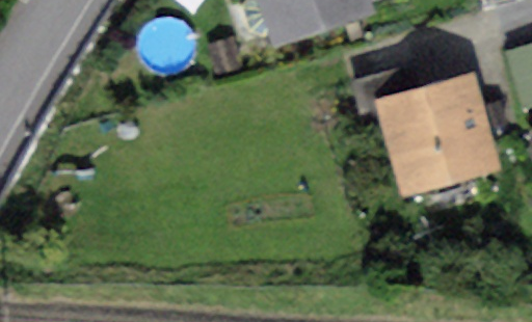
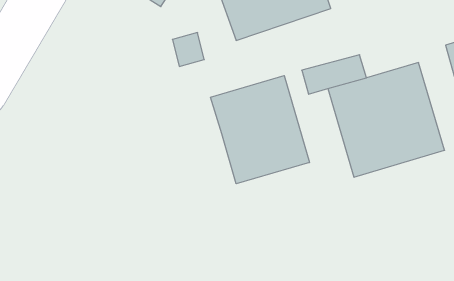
building: none -> [210,76,309,184]

